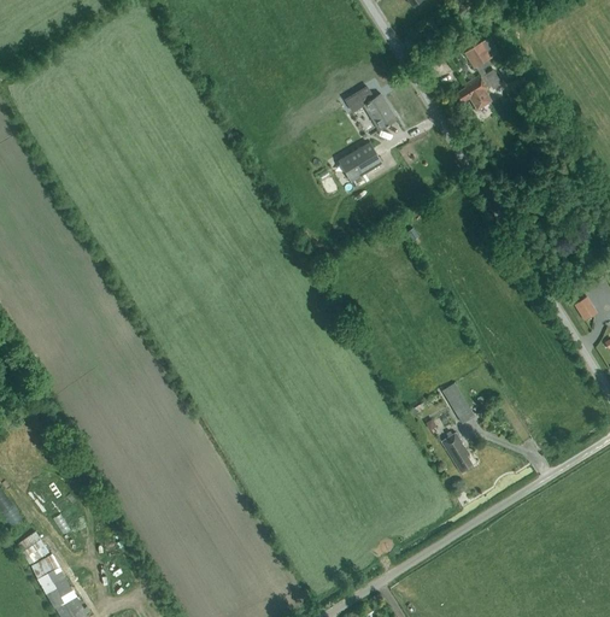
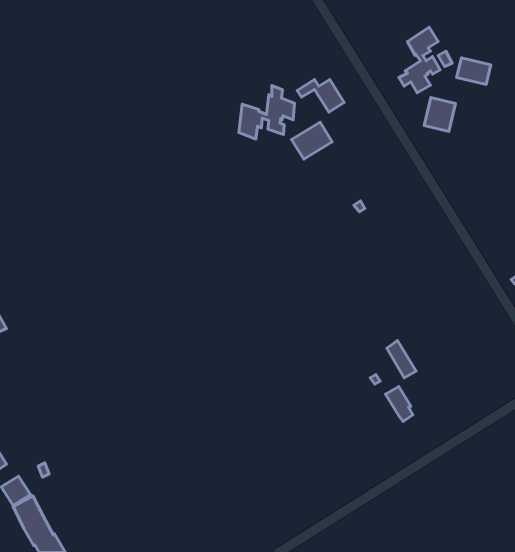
building: none -> [457,58,491,84]
building: none -> [239,86,295,139]
building: none -> [424,98,456,131]

